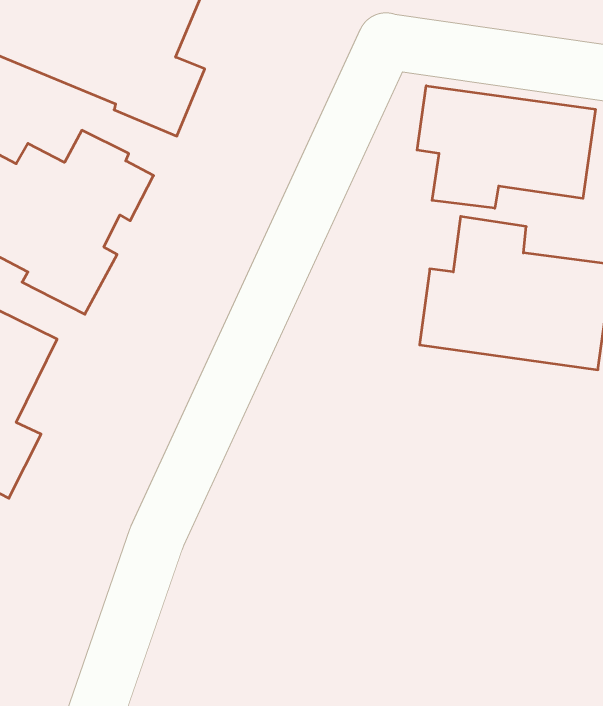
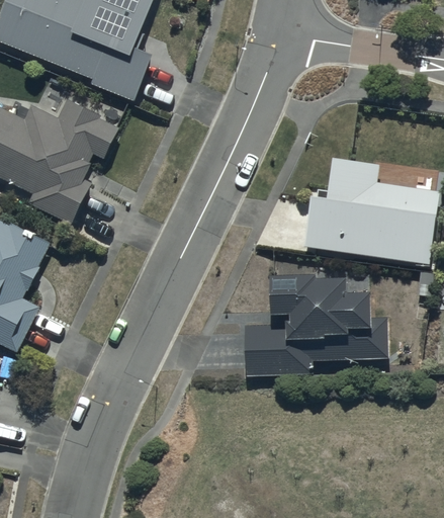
building: [417,86,595,208] -> none
building: none -> [245,271,387,374]

